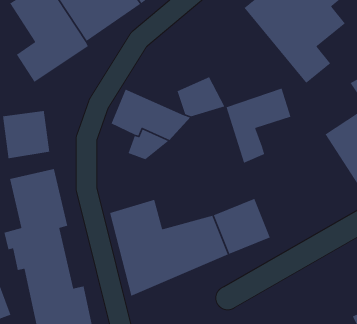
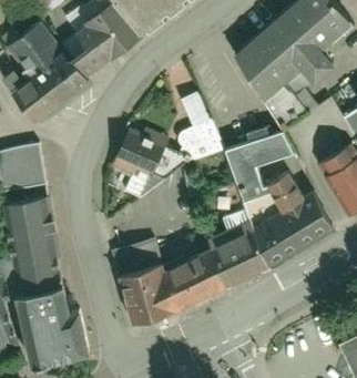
building: none -> [238,170,324,269]

